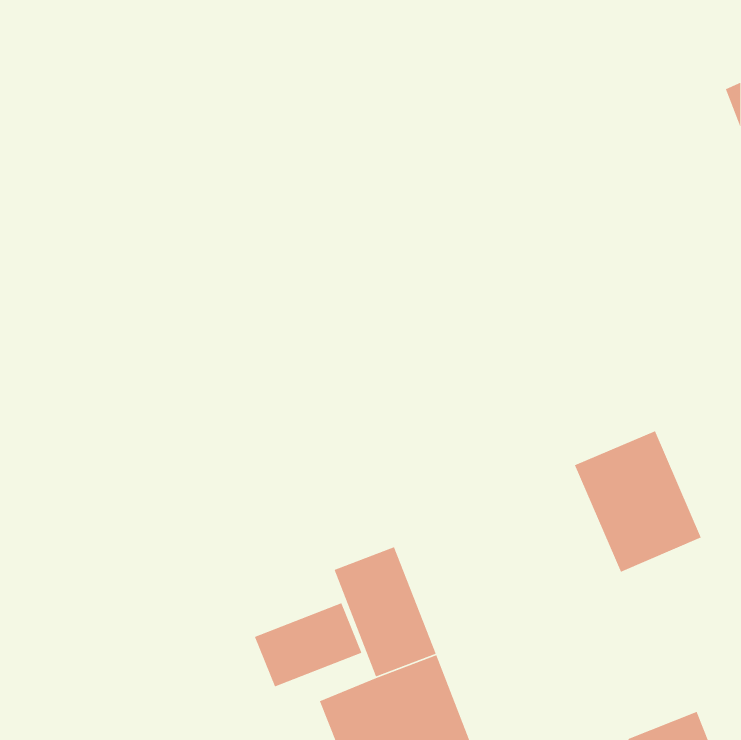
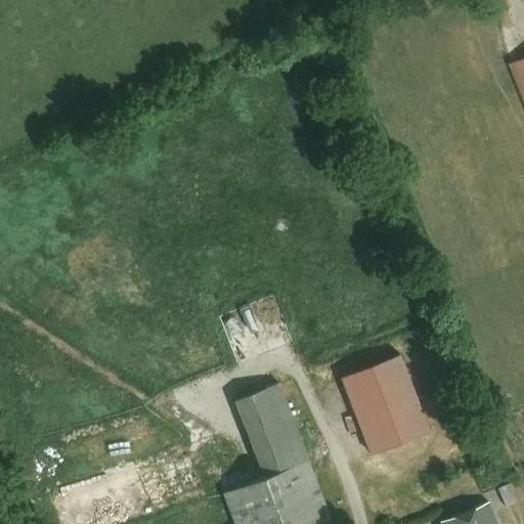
building: [574,430,702,573] -> [342,354,432,454]
building: [254,602,362,688] -> none

